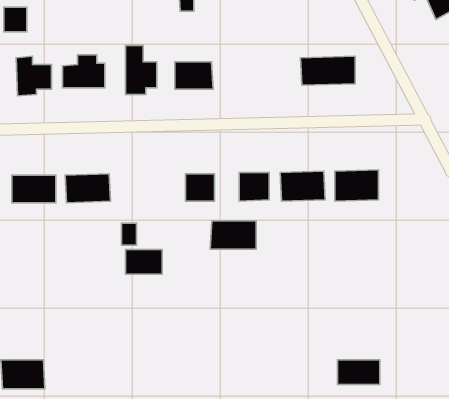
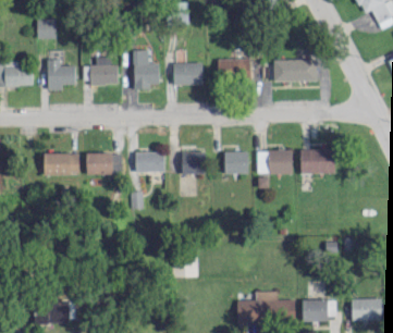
building: none -> [218,59,250,79]
building: [210,221,256,249] -> none
building: [125,250,162,274] -> [135,152,164,172]
building: none -> [237,292,295,322]
building: none -> [352,298,382,321]

